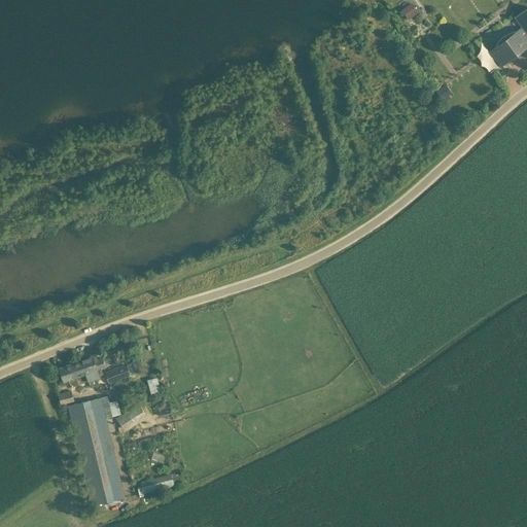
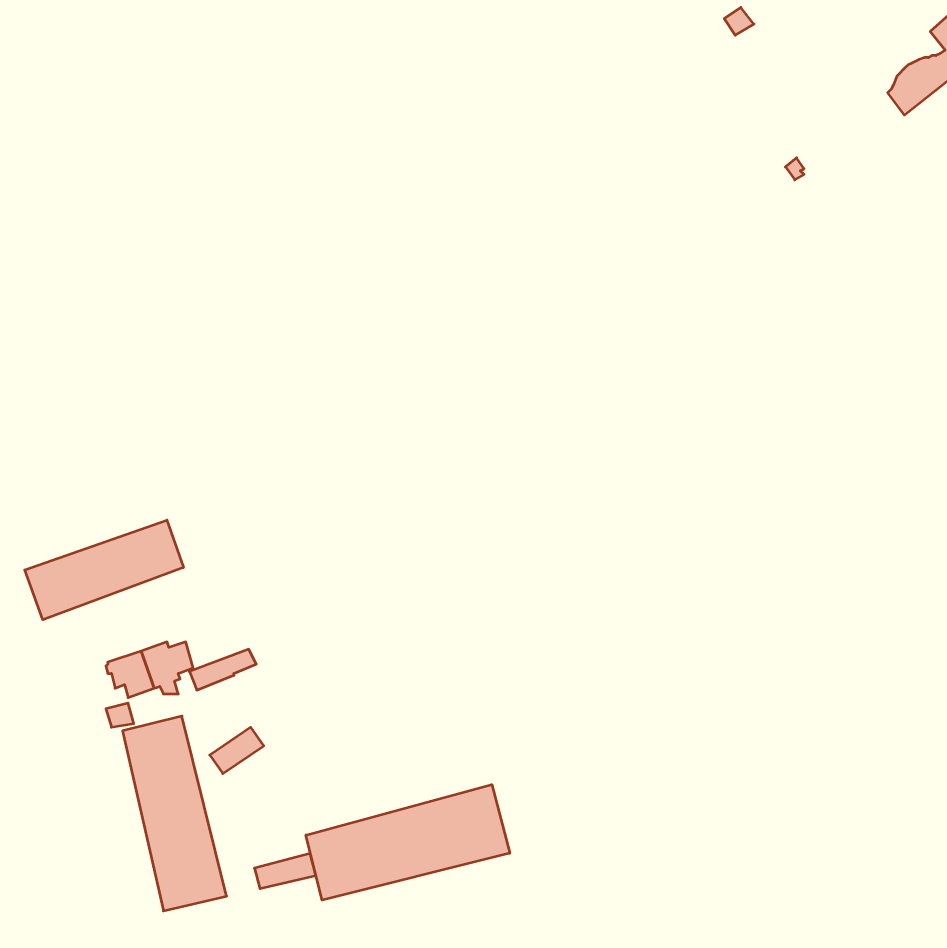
building: none -> [25,520,183,620]
building: none -> [306,785,510,900]

